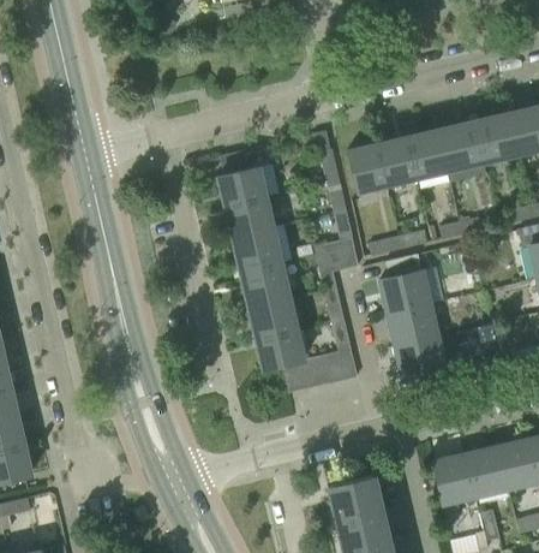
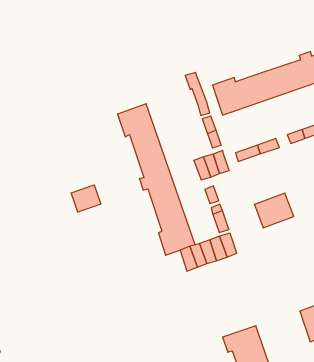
building: none -> [71,185,101,212]
building: [381,269,430,314] -> none
building: [396,335,445,379] -> none

